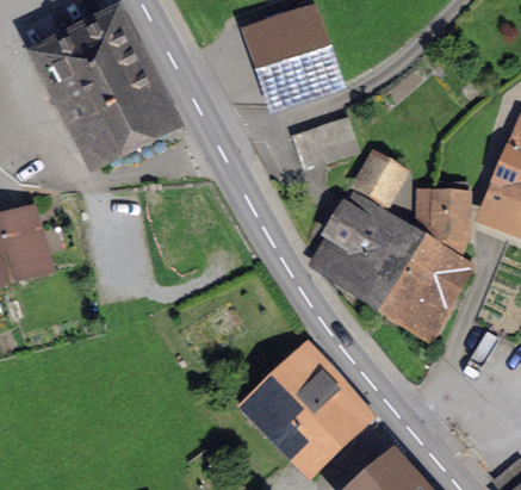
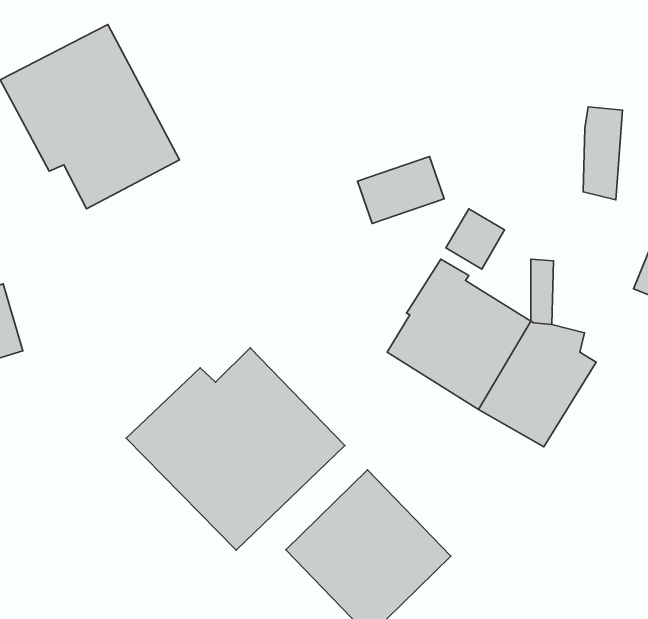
building: [255,17,336,106] -> none
building: [438,181,466,249] -> [583,107,622,200]
building: none -> [126,348,345,550]

